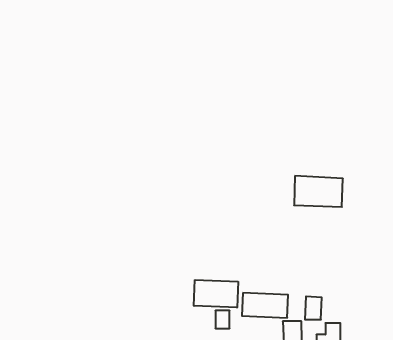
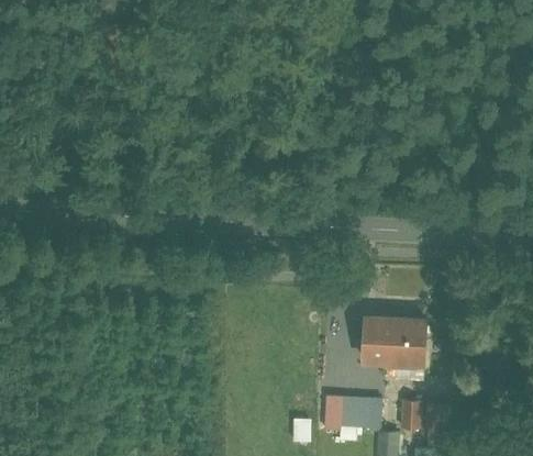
building: [294,176,343,207] -> [366,318,426,356]
building: [194,280,238,308] -> none

